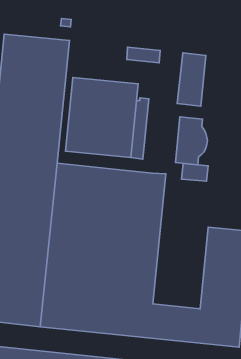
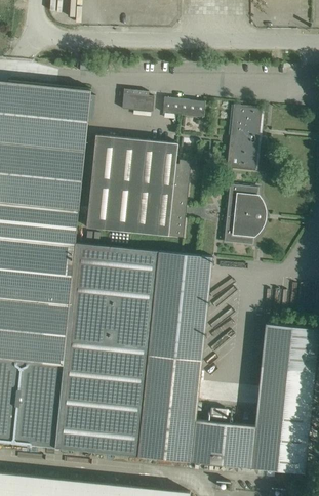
building: none -> [120,89,152,112]
building: [181,164,208,181] -> none

